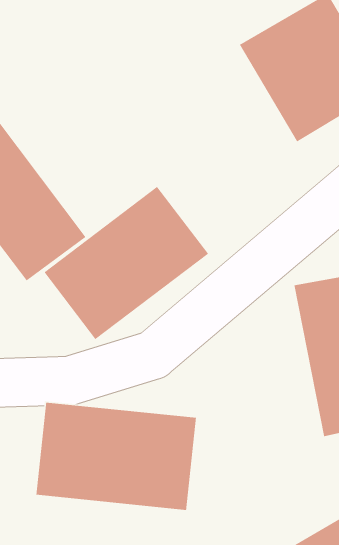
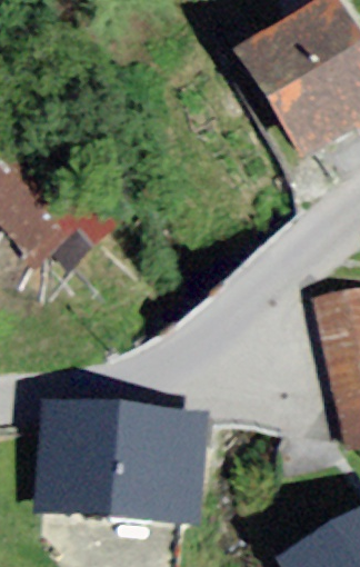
building: [43,186,209,340] -> none

